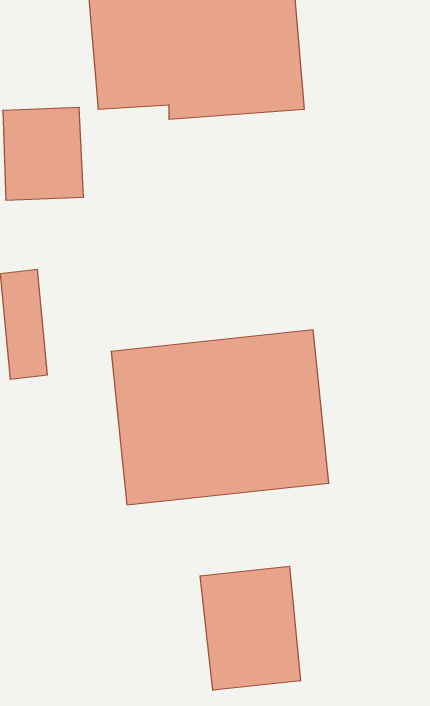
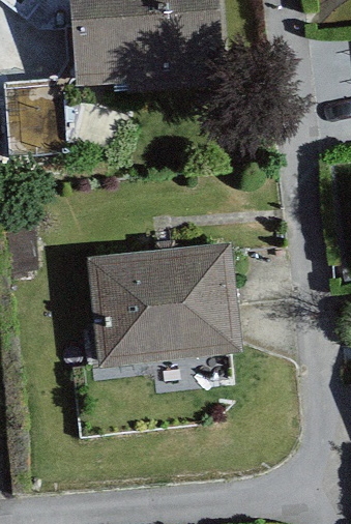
building: [200,566,300,690] -> none

